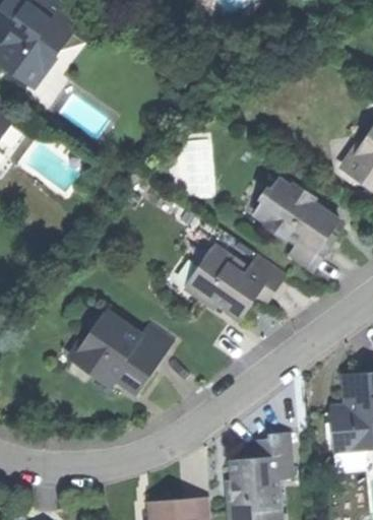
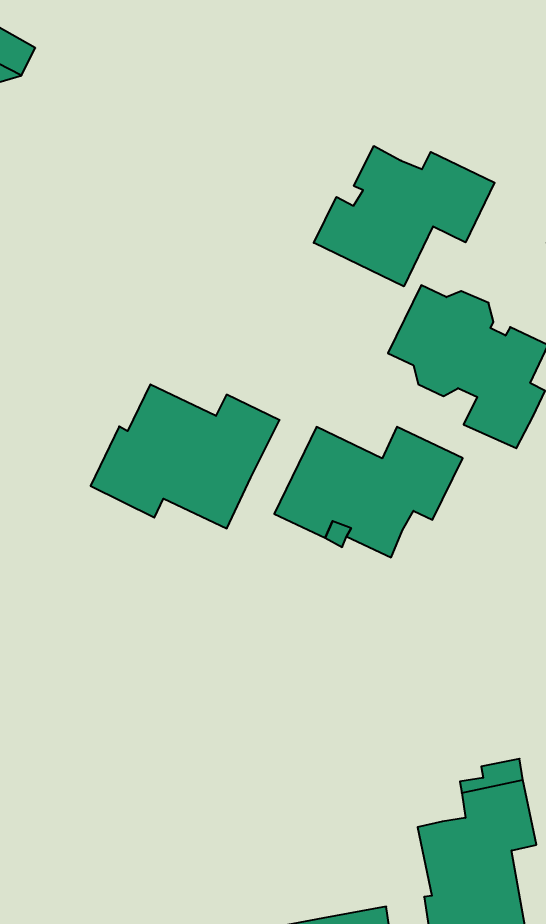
building: none -> [314,146,495,286]
building: [71,312,174,392] -> [91,384,280,528]

